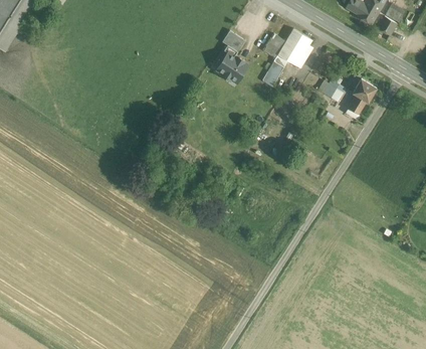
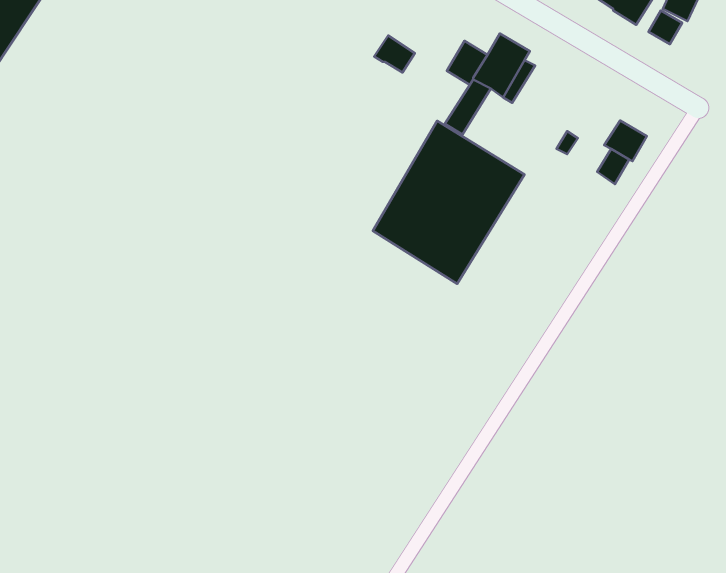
building: [216,44,247,81] -> none
building: none -> [373,121,525,284]

